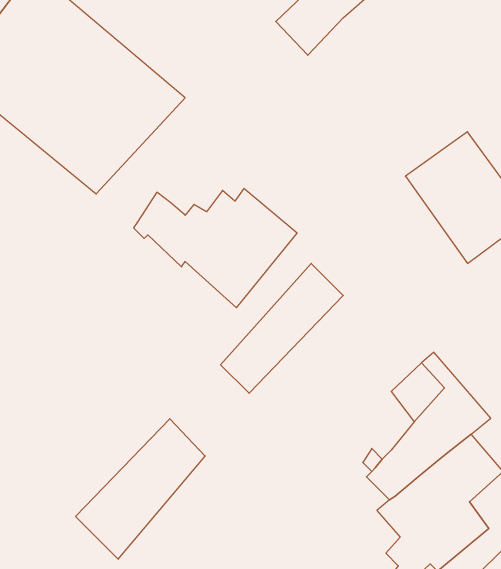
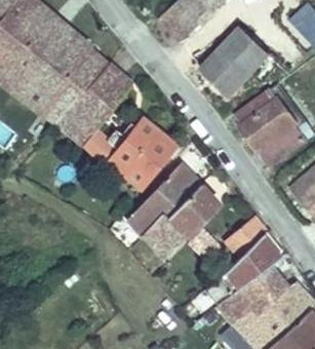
building: none -> [198,27,267,95]
building: none -> [56,69,131,141]
building: [76,419,205,559] -> [145,183,220,264]

